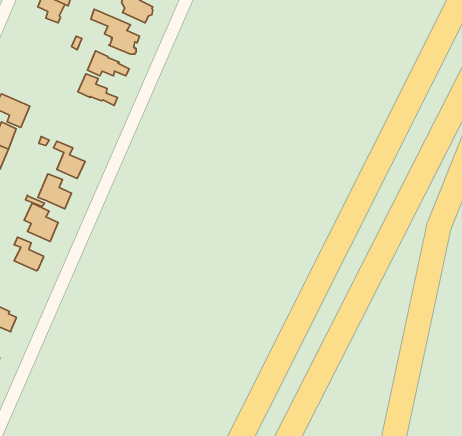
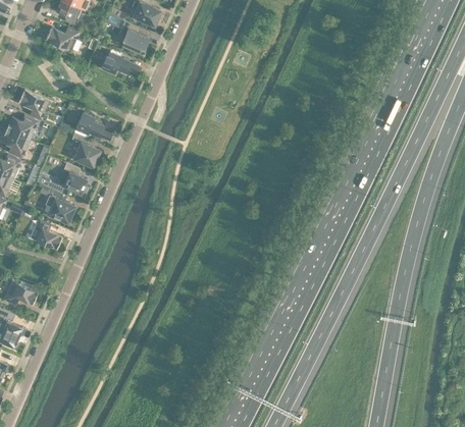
building: none -> [45,25,79,50]
building: [78,74,117,105] -> [74,111,110,140]

